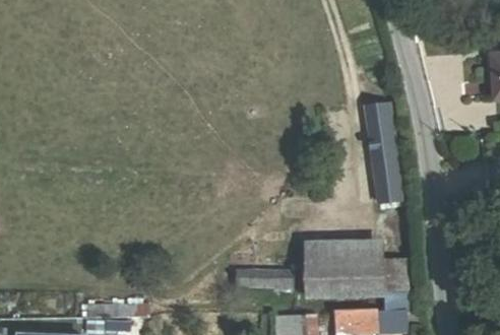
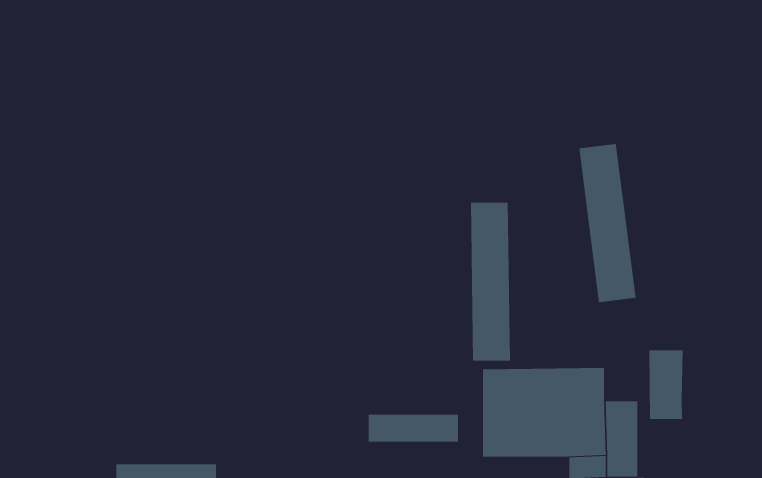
building: none -> [471,202,510,361]
building: none -> [649,349,683,420]

